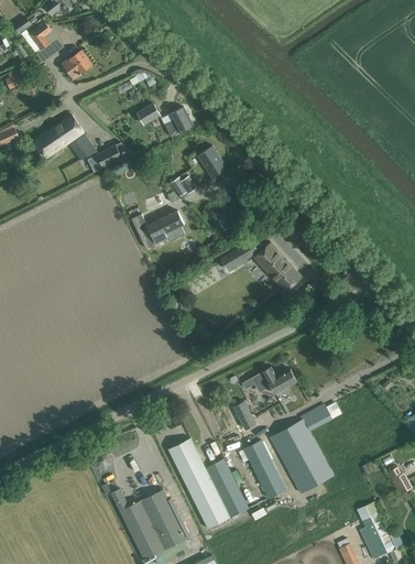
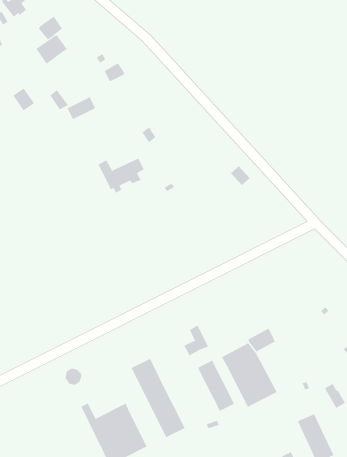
building: [161,108,192,138] -> none
building: [46,116,83,150] -> [35,34,68,64]
building: [196,147,226,178] -> none
building: [220,240,301,292] -> none
building: [251,367,296,393] -> none
building: [204,459,248,518] -> none

